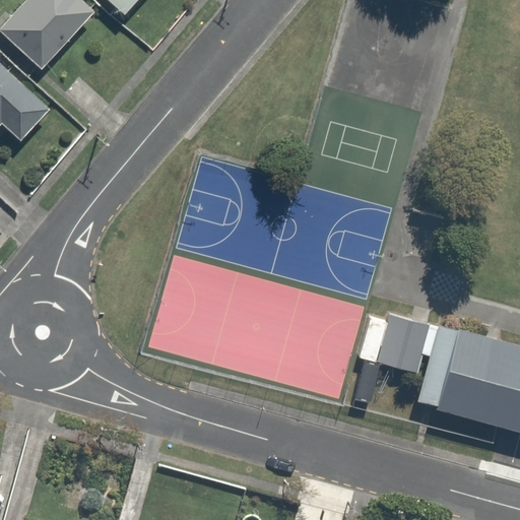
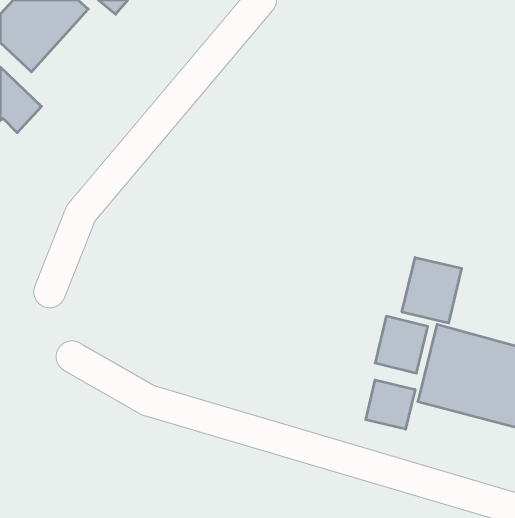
building: none -> [402,257,462,323]
building: none -> [366,380,415,429]

